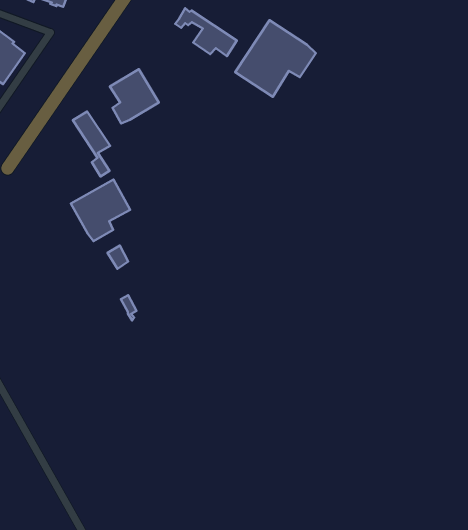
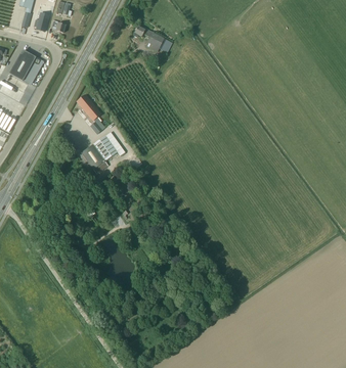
building: [235,20,316,97] -> none
building: [110,69,159,123] -> none

